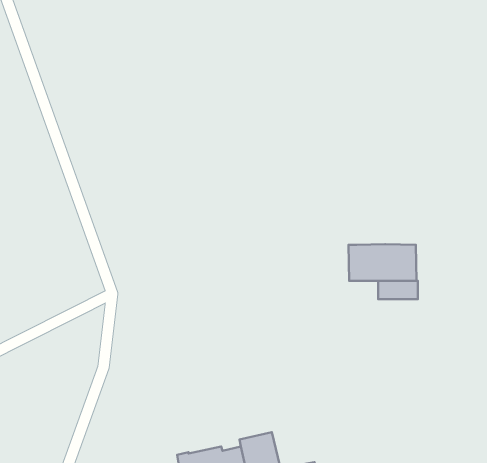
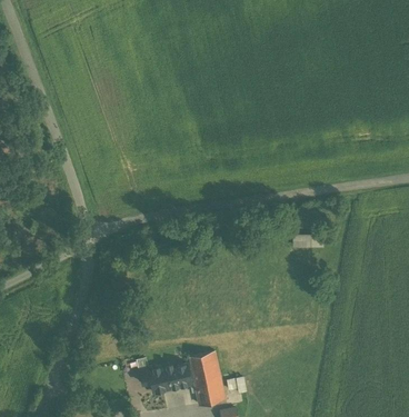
building: [348,244,416,281] -> none

